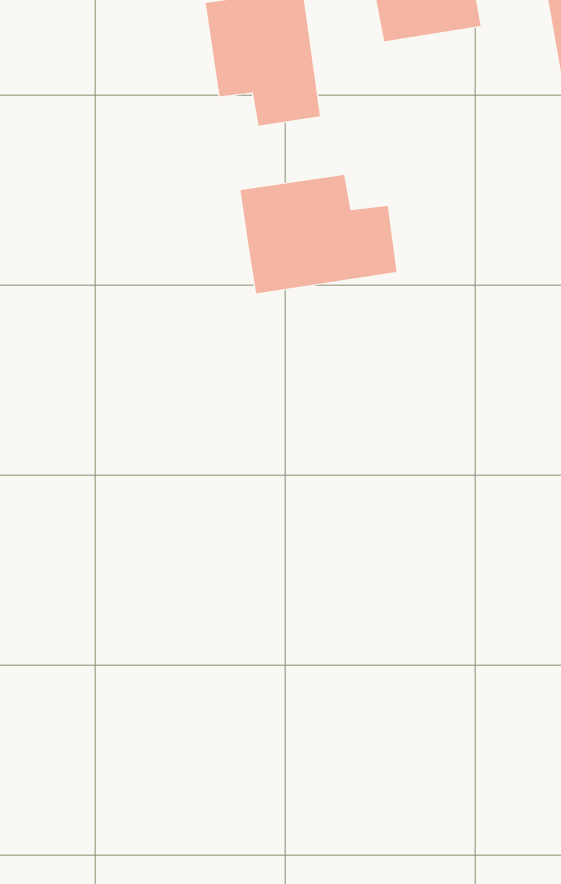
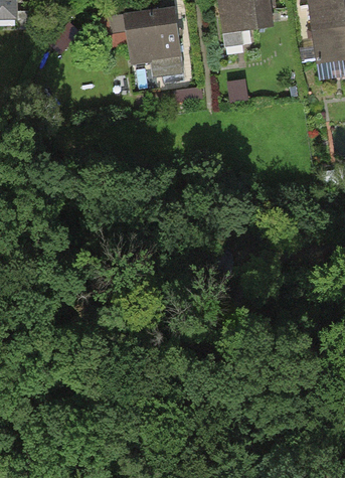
building: [240,174,397,294] -> none

